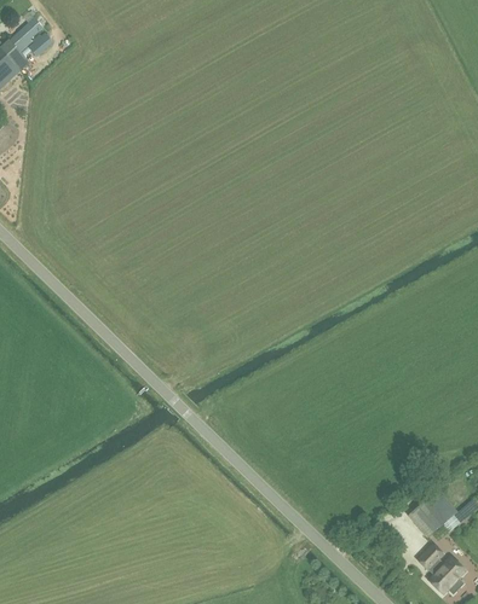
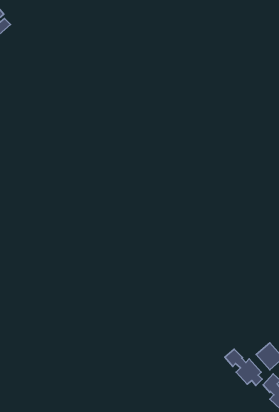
building: none -> [225,349,262,385]

